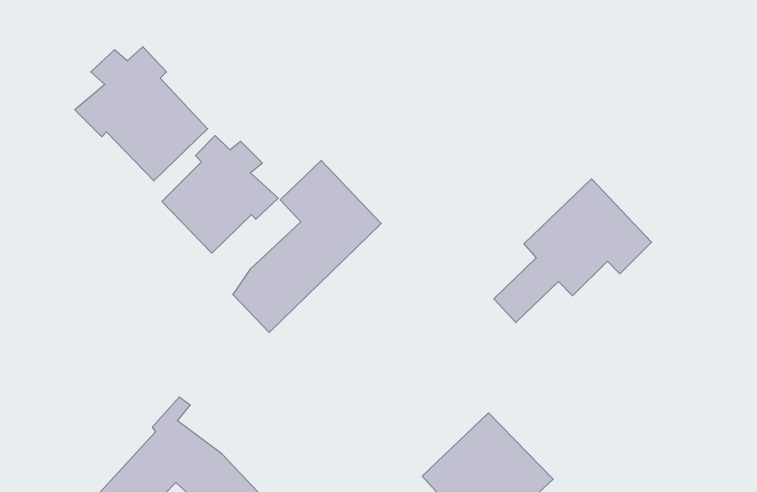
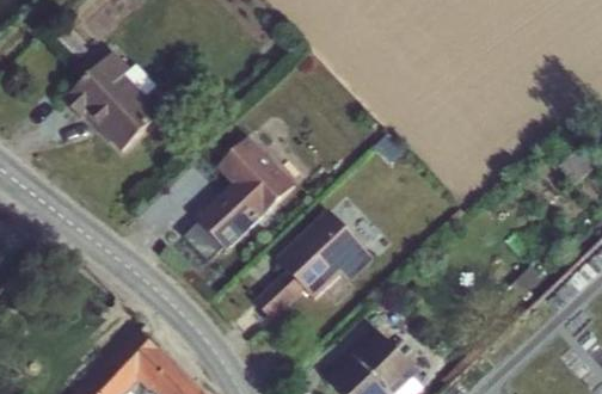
building: [162,136,278,253] -> none
building: [494,179,652,323] -> [253,210,373,319]

